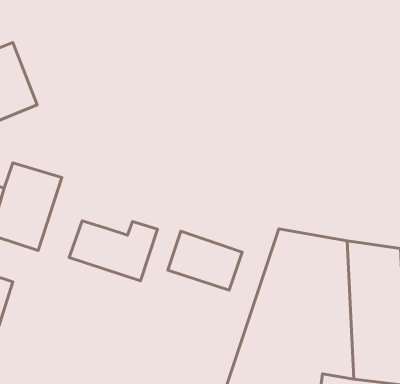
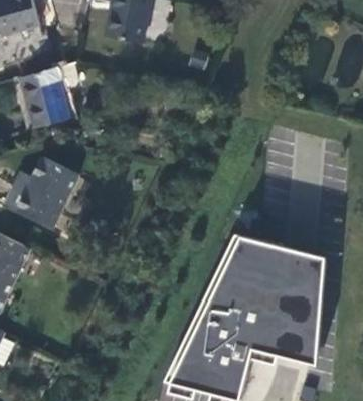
building: [69,221,157,281] -> none
building: [168,231,242,290] -> none

